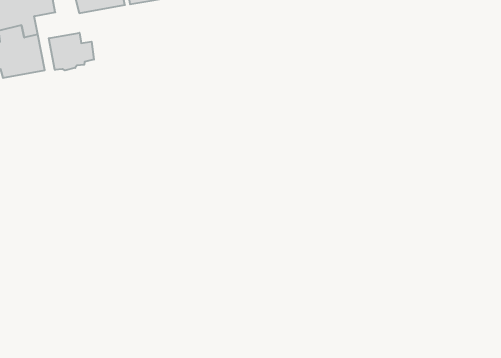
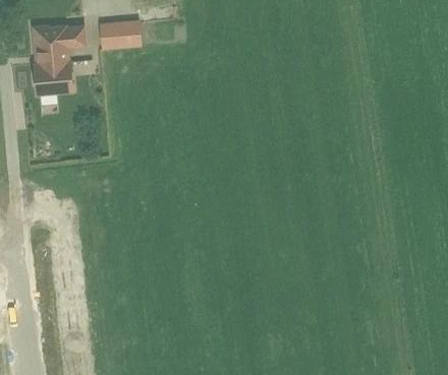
building: [49,33,94,70] -> none

